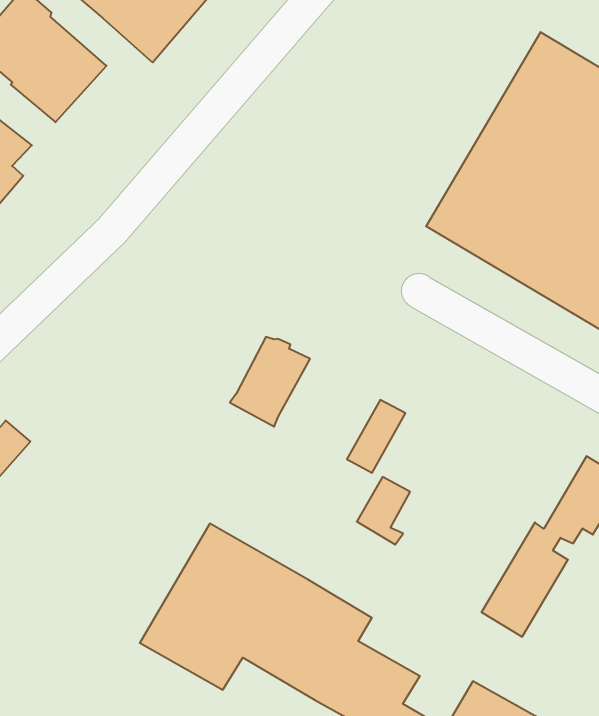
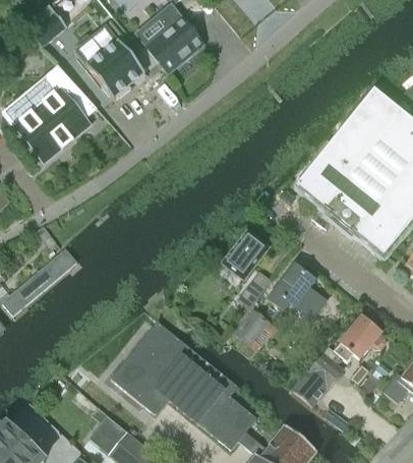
building: [230,337,310,427] -> [222,233,268,281]
building: none -> [268,265,324,319]

